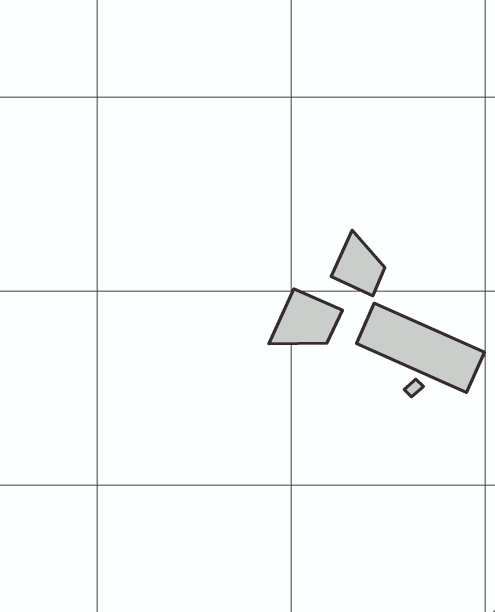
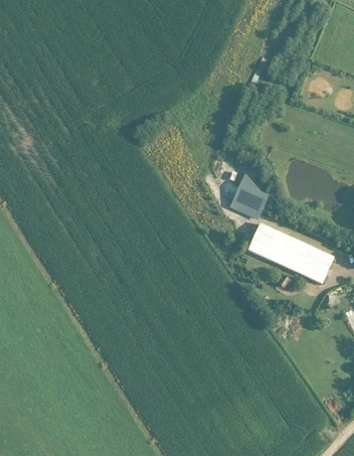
building: [269,289,343,344] -> none

